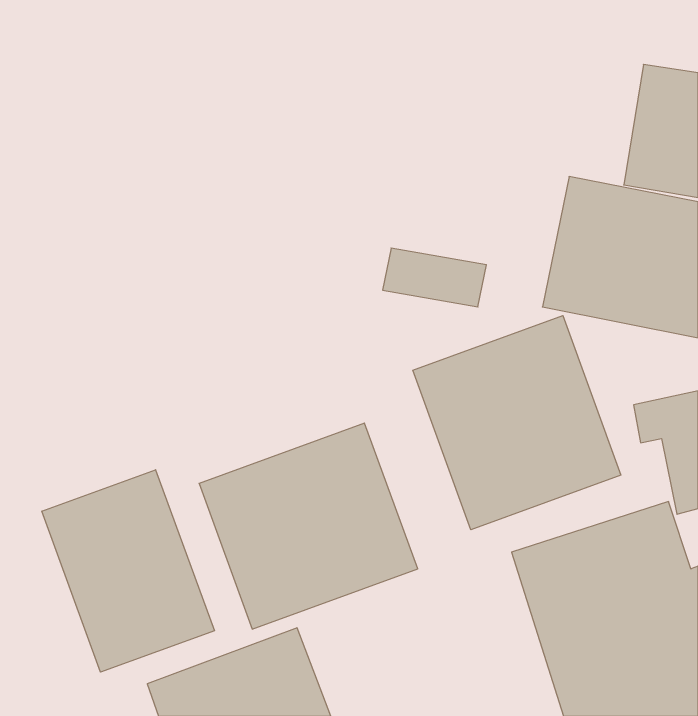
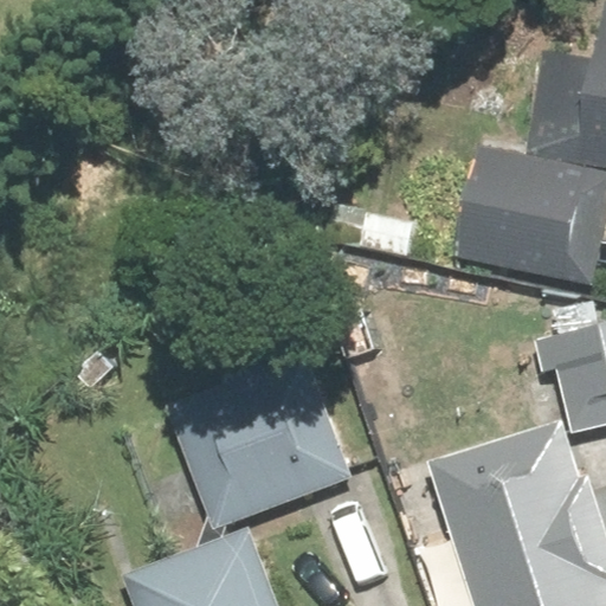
building: [413,316,621,530] -> none
building: [42,470,214,672] -> none

